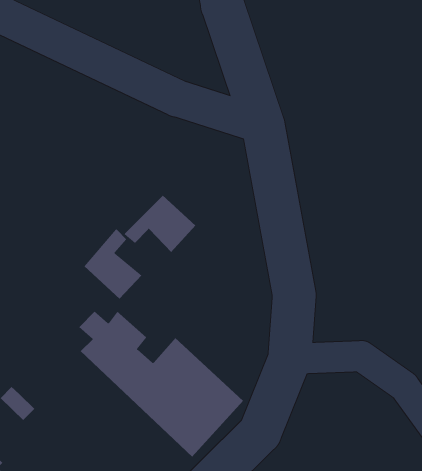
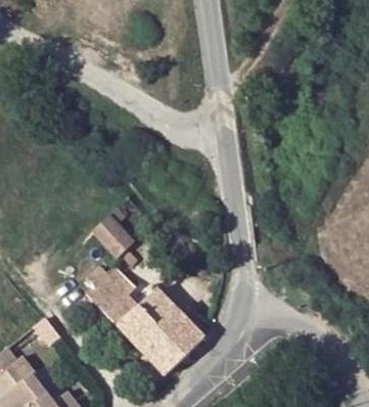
building: [124,195,196,253] -> none

